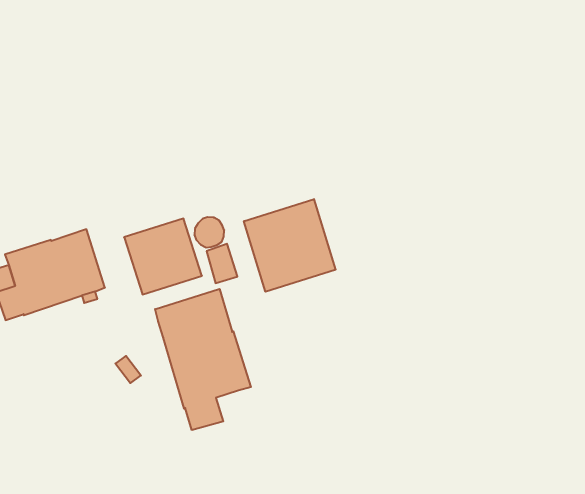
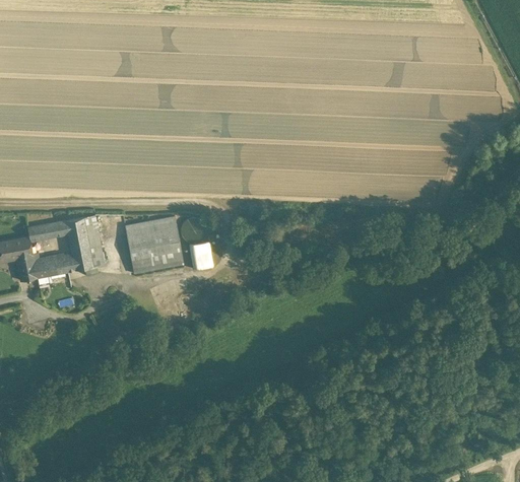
building: [244,199,336,292] -> none
building: [155,289,251,430] -> none

